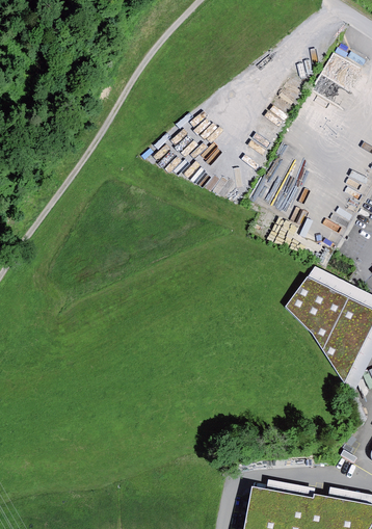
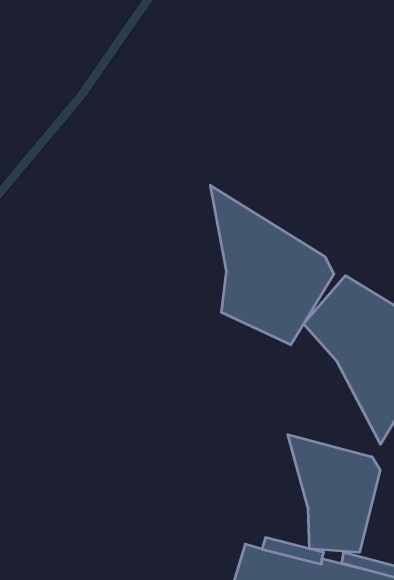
building: none -> [210,185,334,345]
building: none -> [288,435,380,552]

